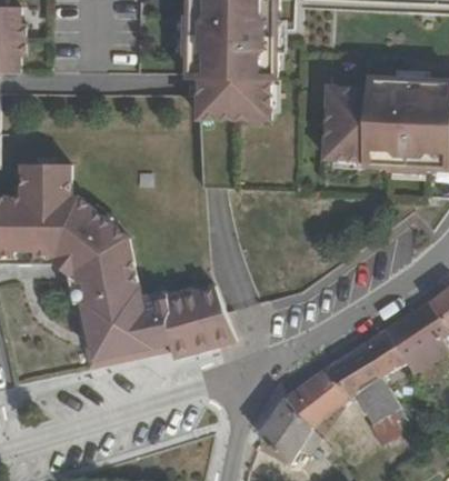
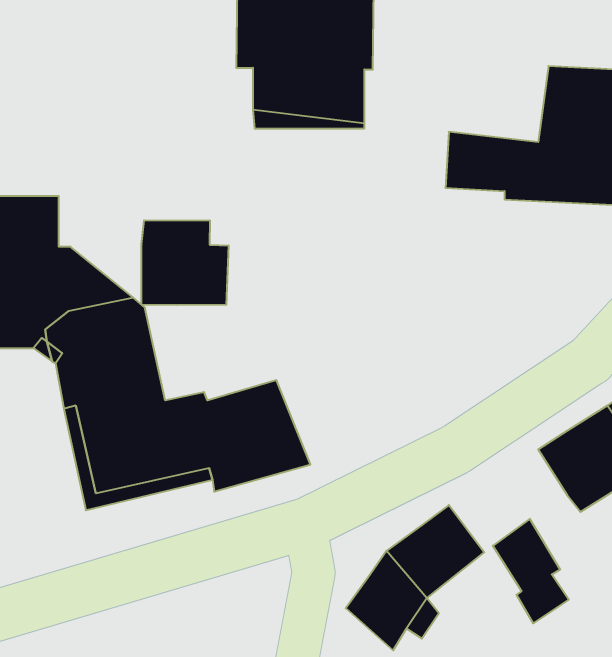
building: [326,77,391,128] -> none
building: none -> [142,220,229,305]
building: [326,330,403,398] -> none

